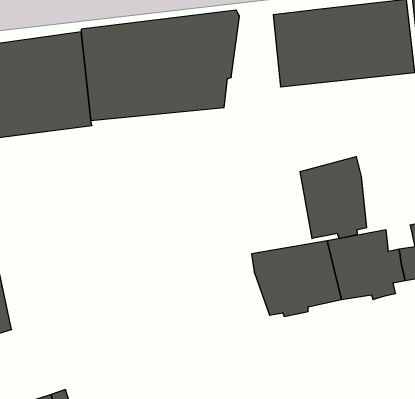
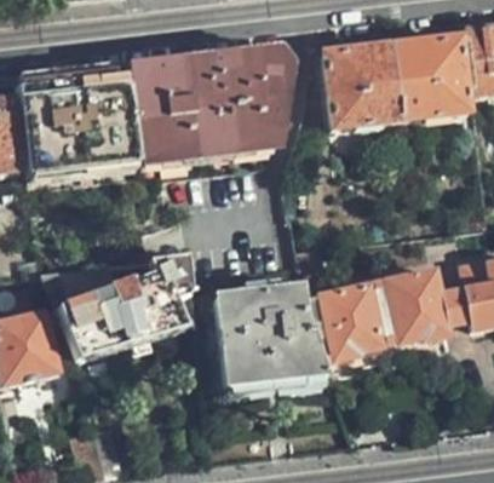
building: [300,157,367,239] -> none
building: none -> [56,255,195,362]
building: none -> [216,282,327,384]

